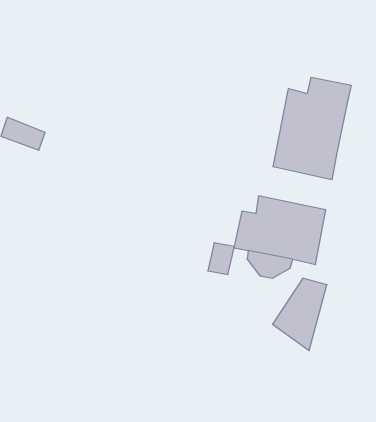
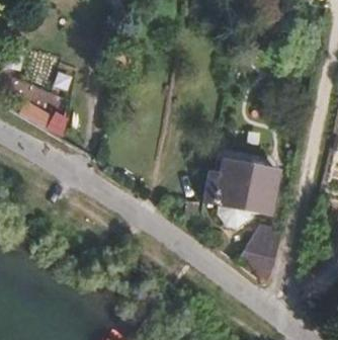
building: [273,77,351,180] -> none

